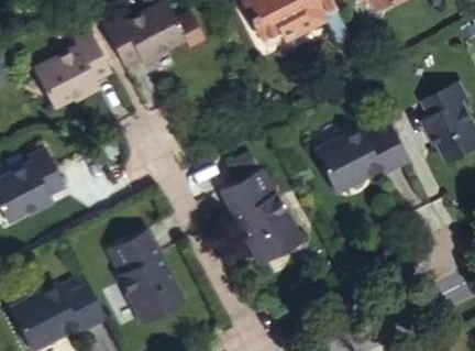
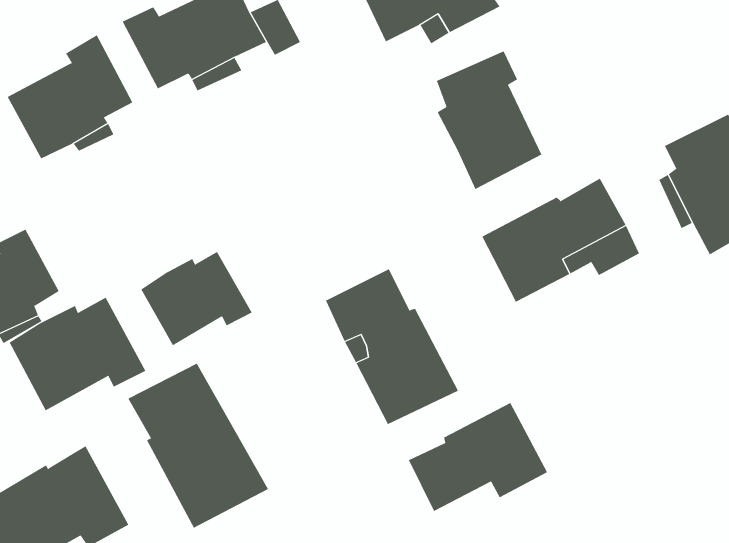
building: none -> [436,51,542,190]
building: none -> [141,251,253,346]
building: none -> [9,297,146,411]
building: none -> [408,402,548,512]

